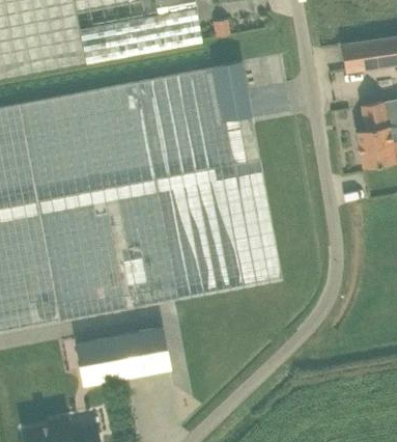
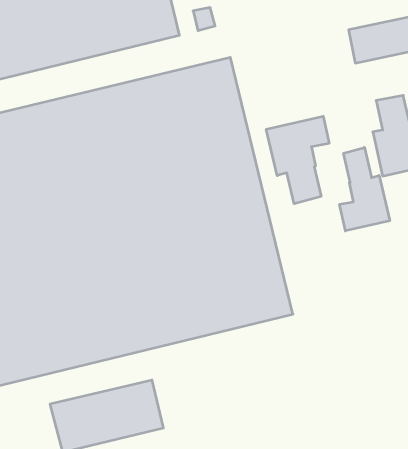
building: none -> [266,116,329,204]
building: none -> [340,147,390,231]

